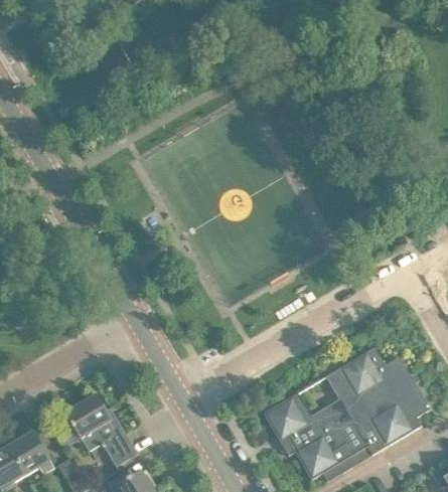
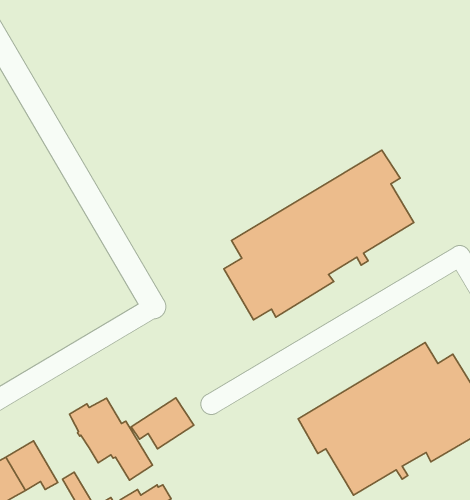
building: none -> [224,150,414,320]
building: none -> [131,398,194,449]

